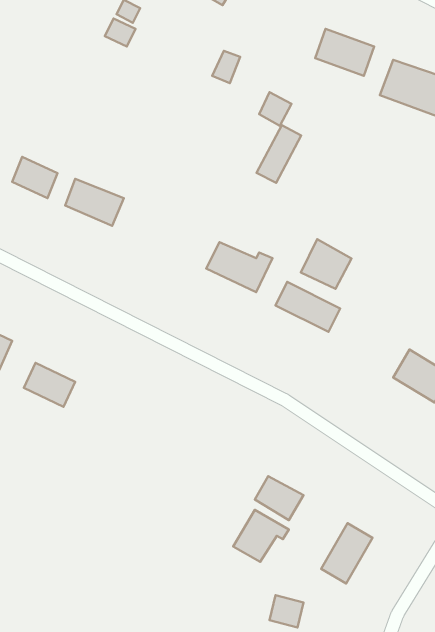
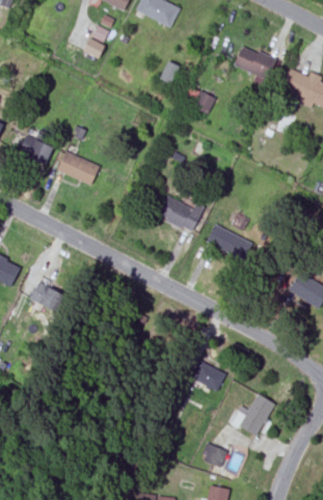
building: [257,125,301,183] -> none
building: [301,239,351,289] -> none
building: [233,510,289,562] -> none

